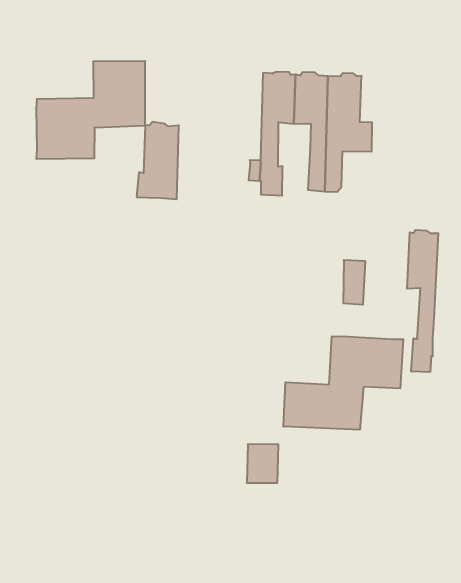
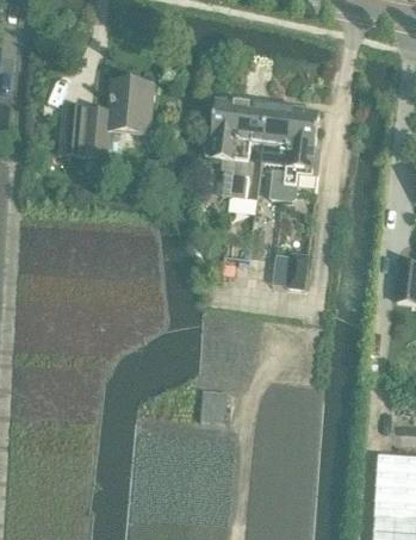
building: [137,122,179,199] -> [205,95,243,157]
building: [407,230,438,372] -> none
building: [283,336,403,430] -> none

